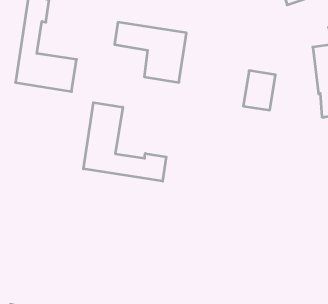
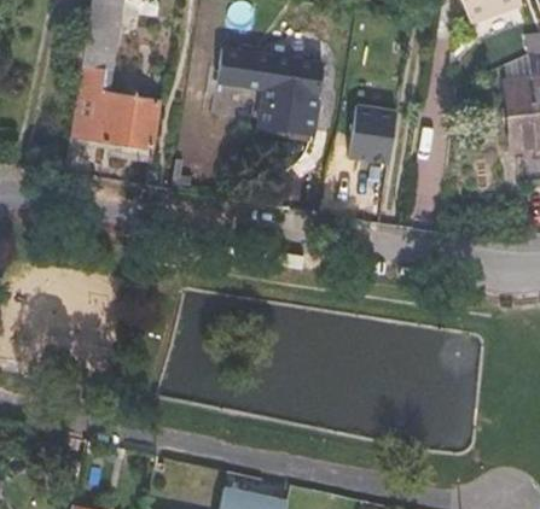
building: [243,71,275,110] -> [348,104,395,162]
building: [83,103,166,181] -> none

